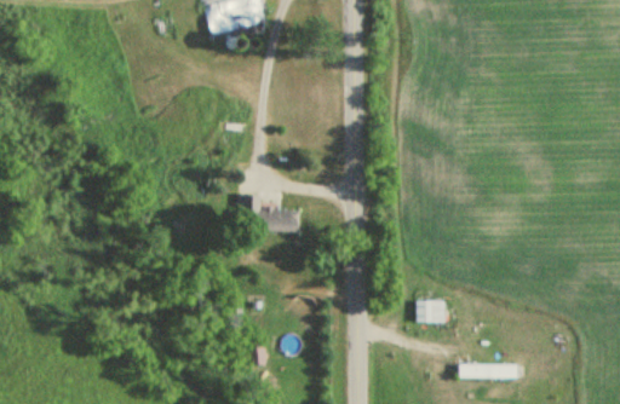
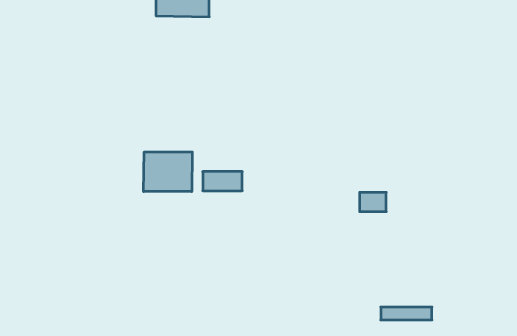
building: none -> [144,152,192,192]
building: [417,300,447,322] -> [360,192,386,212]

